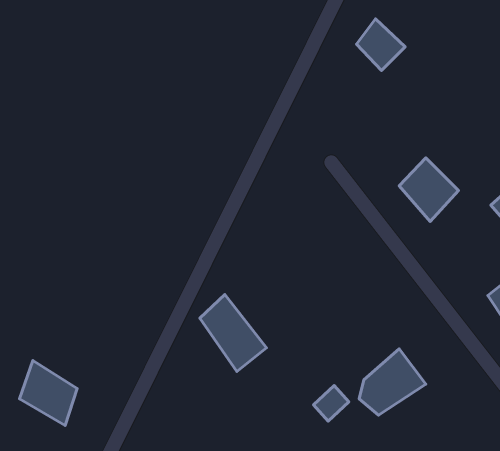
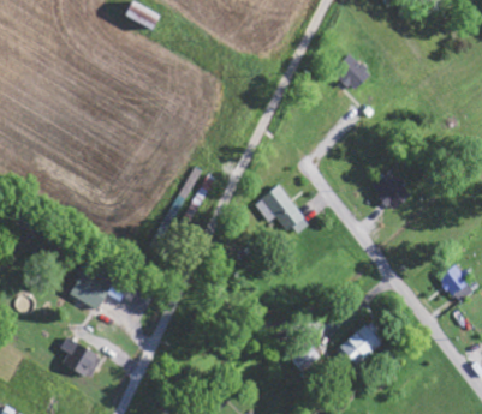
building: none -> [69,271,111,313]
building: [200,295,266,372] -> [257,184,311,246]

